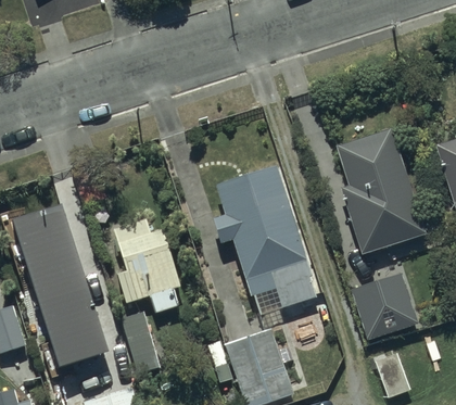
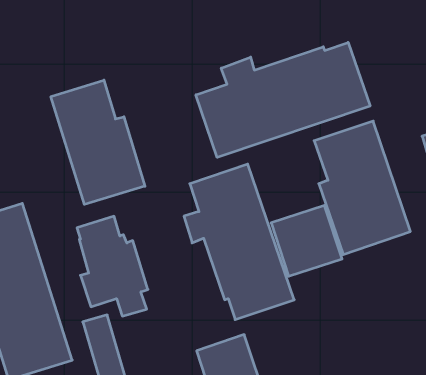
building: none -> [196,42,370,157]
building: none -> [51,80,145,204]
building: [352,274,418,340] -> [271,205,342,276]

